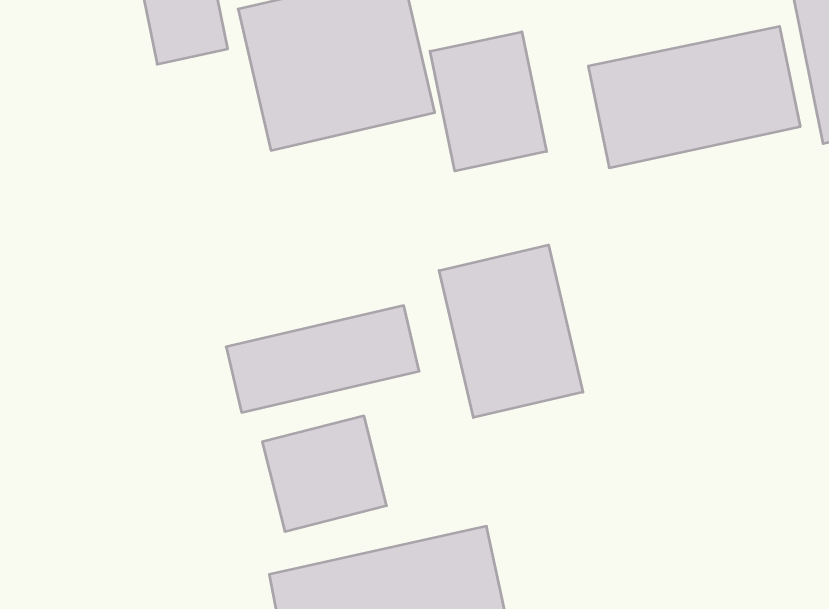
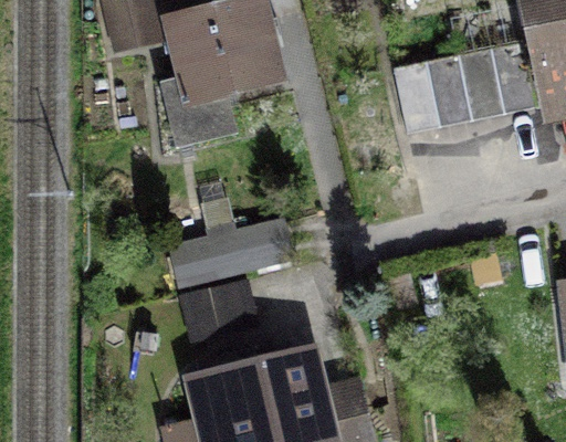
building: [430,32,547,171] -> none
building: [439,245,583,418] -> none

